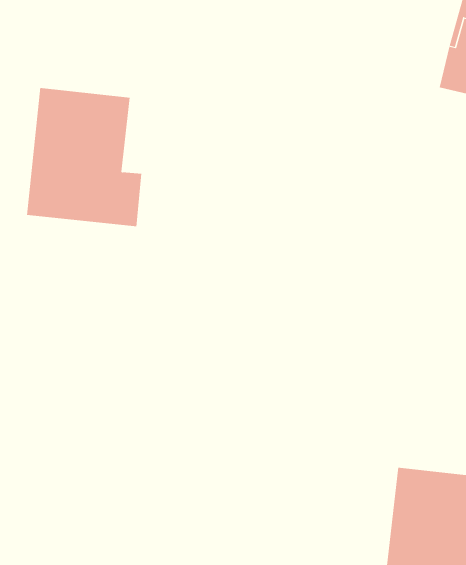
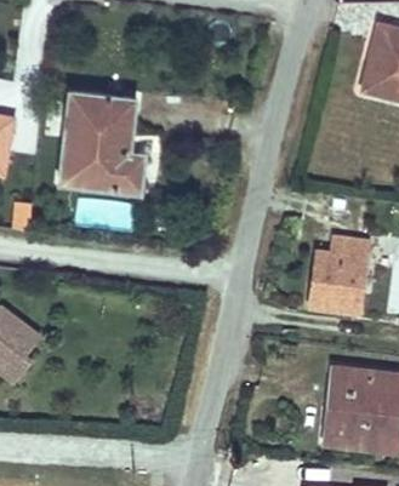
building: none -> [309,238,366,313]

